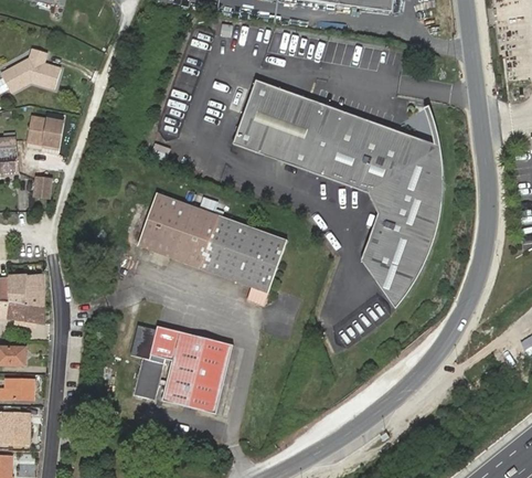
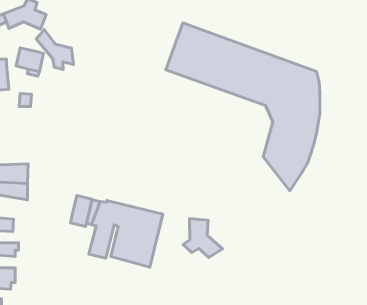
building: none -> [36,30,74,70]
building: [135,184,285,301] -> none
building: none -> [71,196,92,226]
building: none -> [183,219,222,258]

